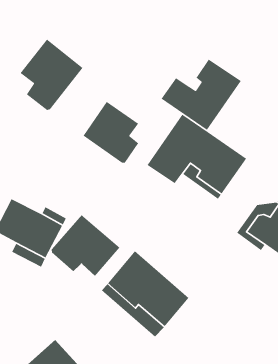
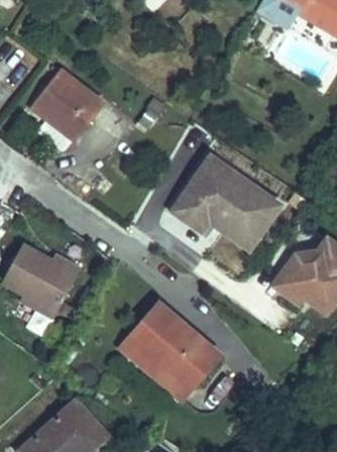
building: [161,59,242,131] -> none
building: [83,101,139,163] -> none
building: [51,214,121,277] -> none

